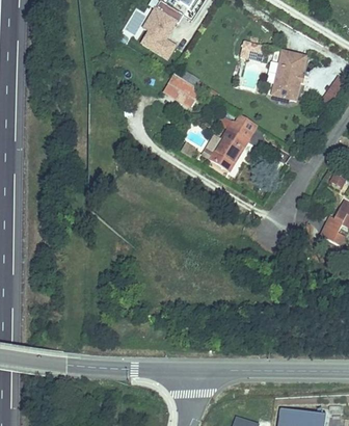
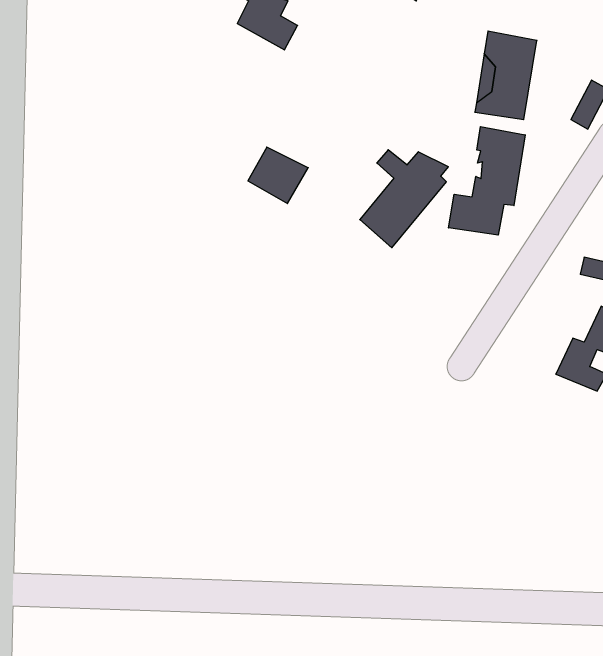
building: [163,78,196,109] -> [248,147,308,204]
building: none -> [449,127,525,235]

